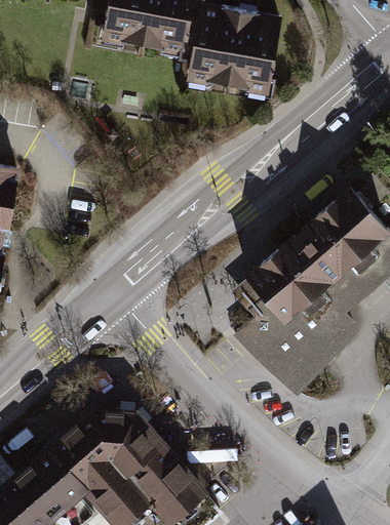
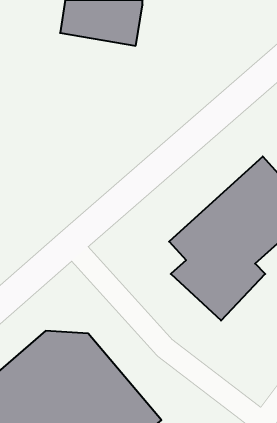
building: [189,10,284,98] -> none

